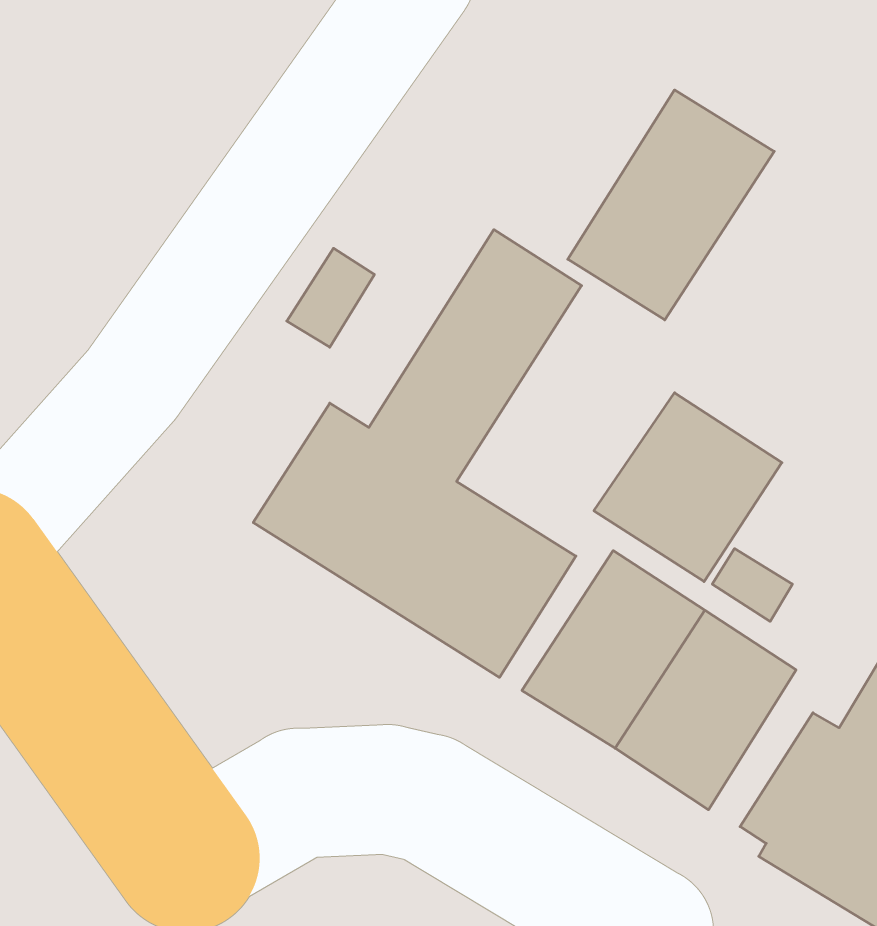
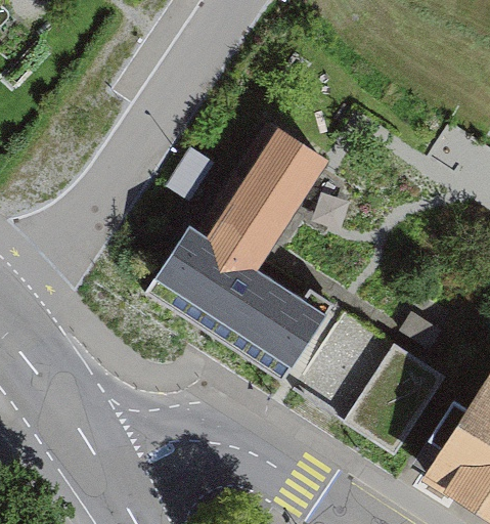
building: [568,90,774,320] -> none
building: [594,393,782,582] -> none

